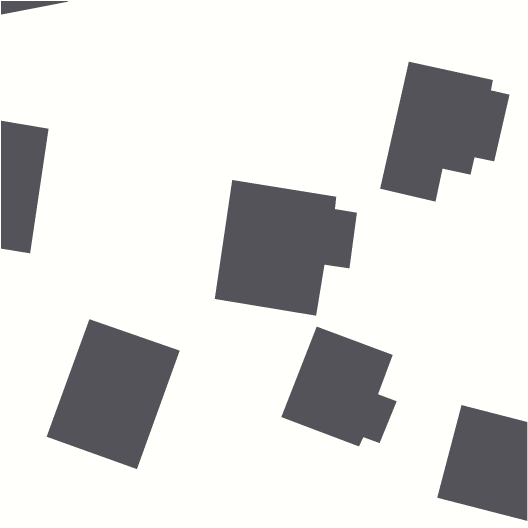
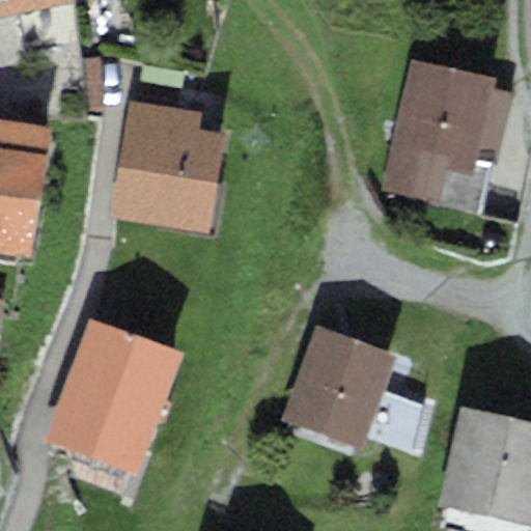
building: none -> [111,101,227,232]
building: [214,179,358,316] -> none

